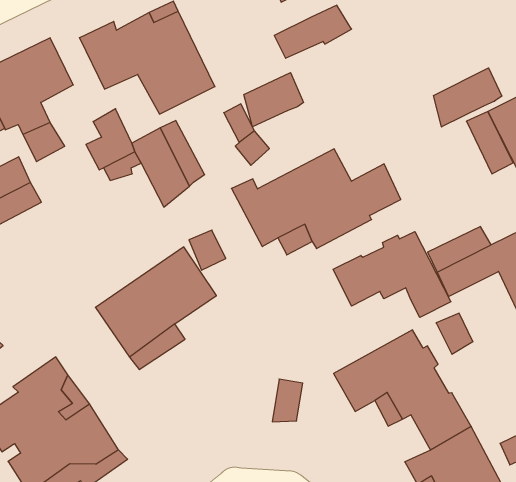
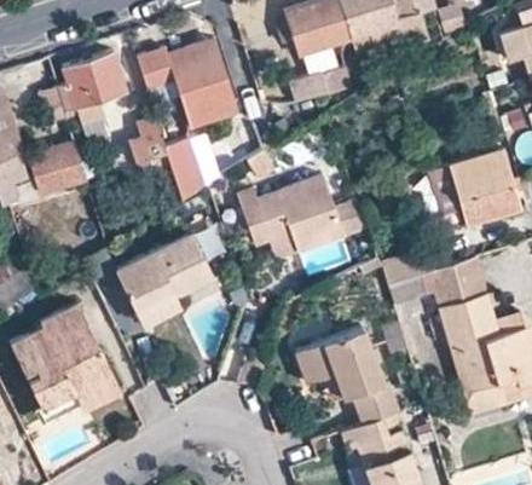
building: [433,68,502,127] -> none
building: [244,73,303,127] -> none
building: [333,232,451,317] -> none

